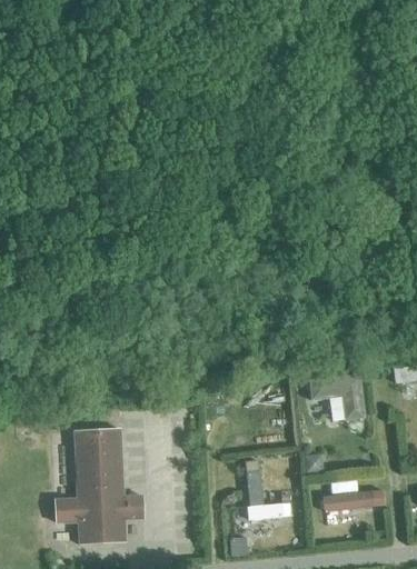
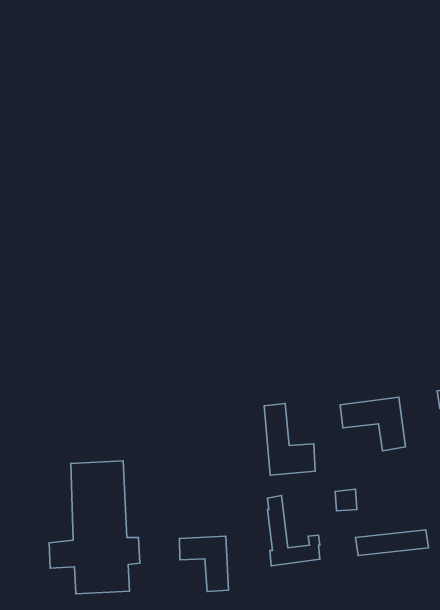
building: none -> [264,404,315,475]
building: none -> [180,536,229,592]

